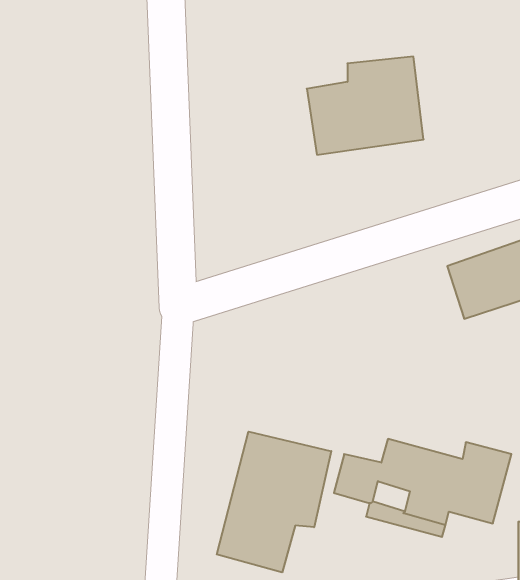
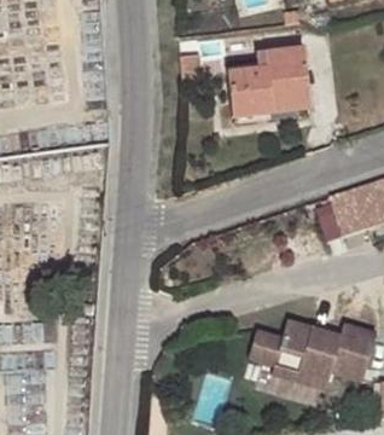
building: [217,432,331,572] -> none

